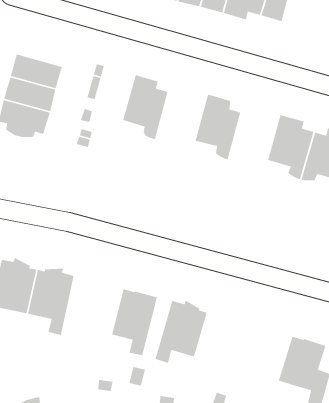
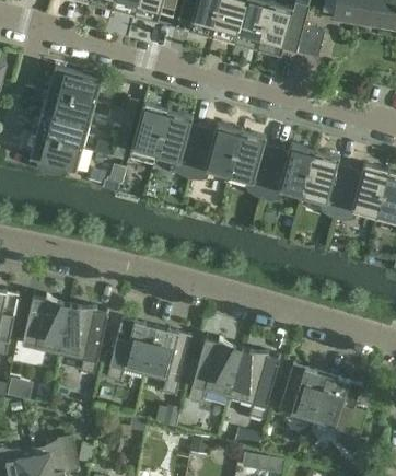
building: none -> [48,67,102,103]
building: none -> [128,104,168,165]
building: none -> [189,124,242,178]
building: none -> [263,144,315,199]
building: none -> [106,318,156,382]
building: none -> [229,349,280,420]
building: none -> [279,364,327,421]

